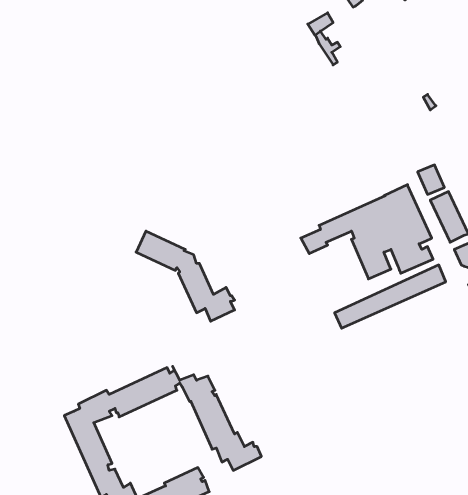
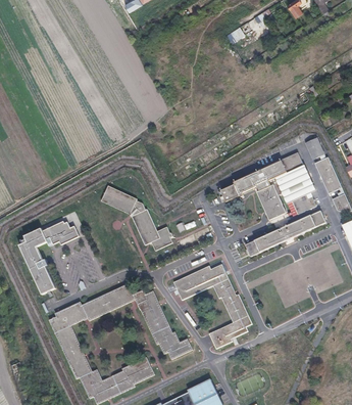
building: none -> [18,221,79,295]
building: none -> [173,264,252,348]

